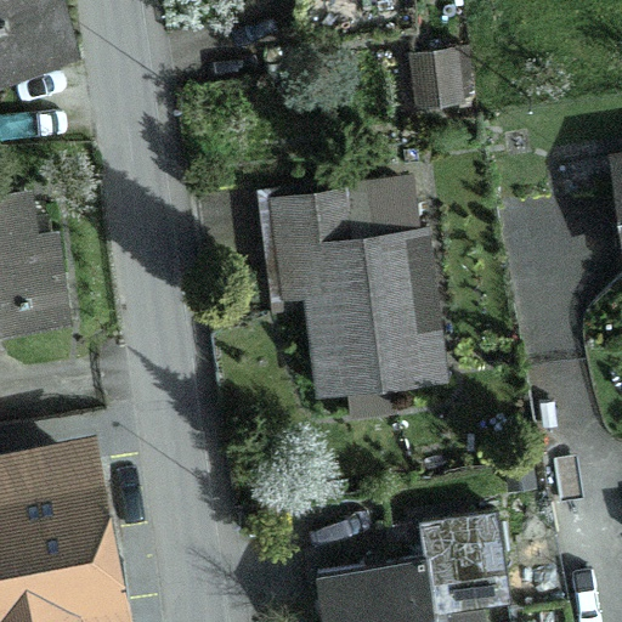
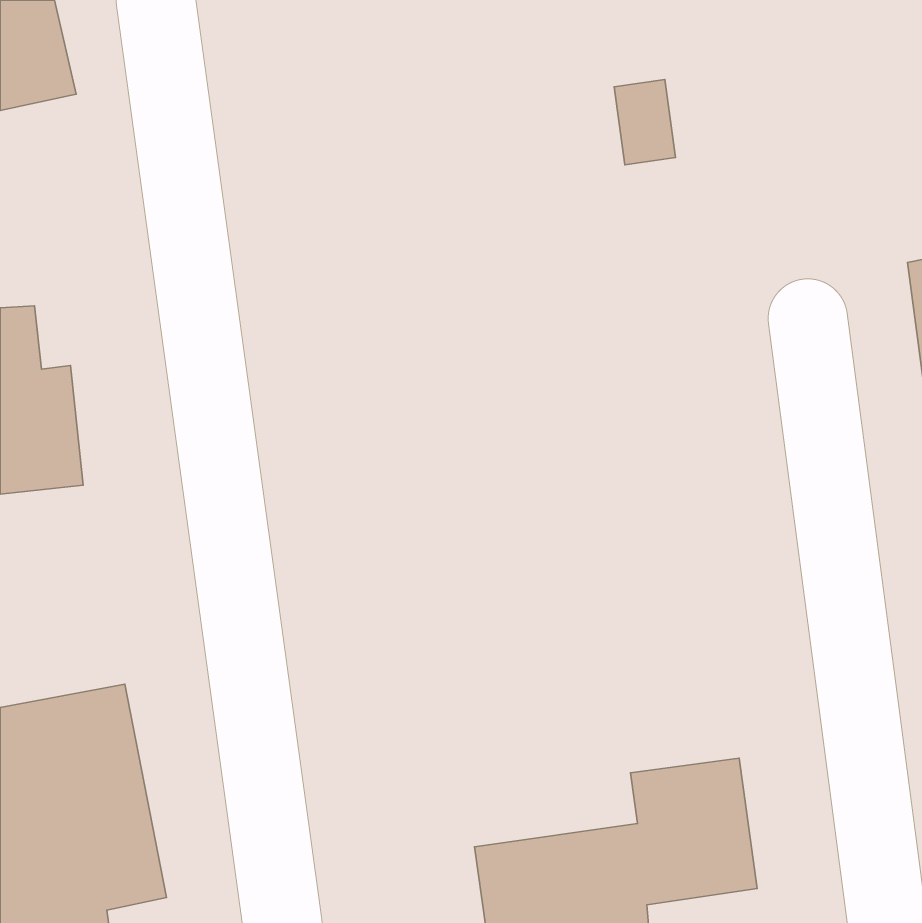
building: [266,192,425,395] -> none

